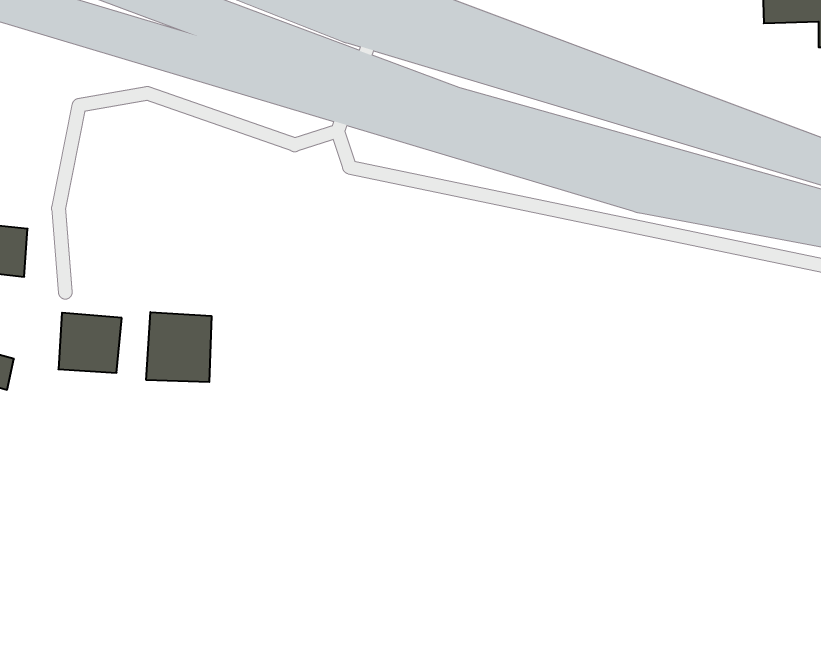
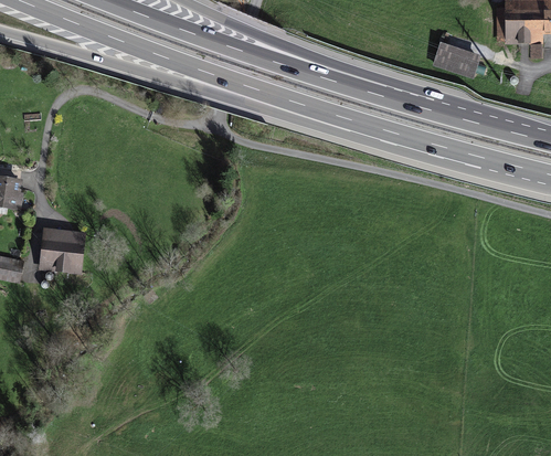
building: none -> [432,39,480,75]
building: [146,312,211,382] -> none

